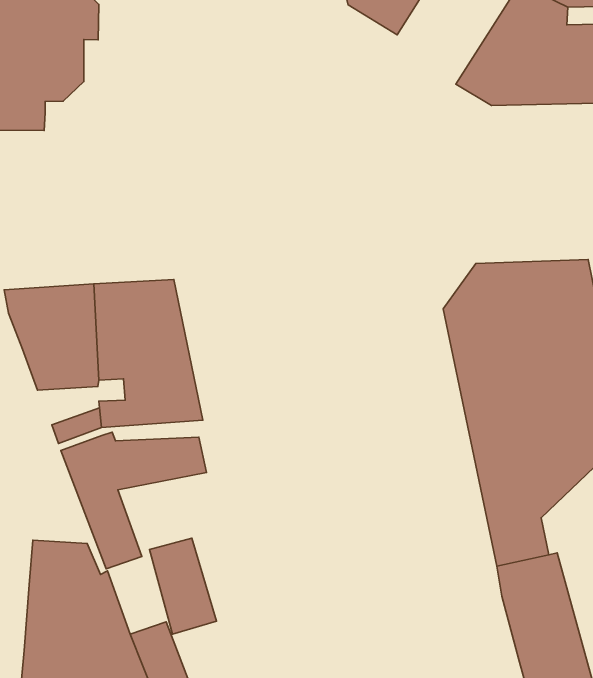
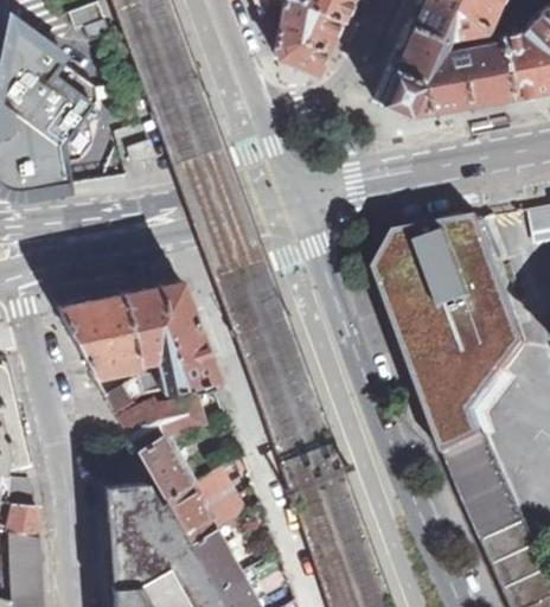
building: none -> [162,487,212,545]

